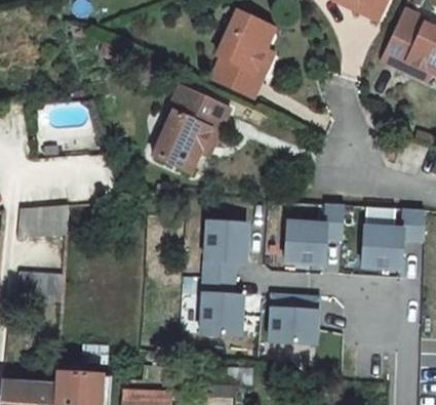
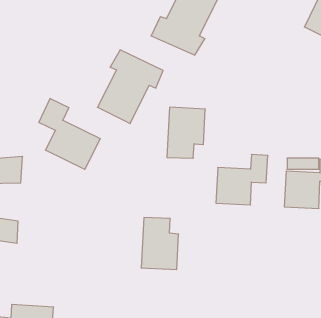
building: none -> [39,98,100,169]
building: [204,219,247,277] -> [167,107,205,158]
building: [270,290,318,341] -> none

